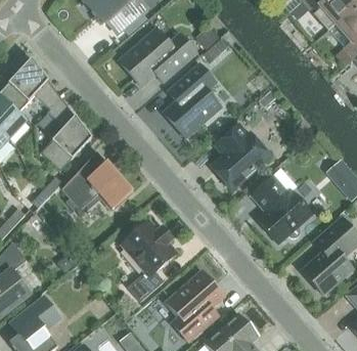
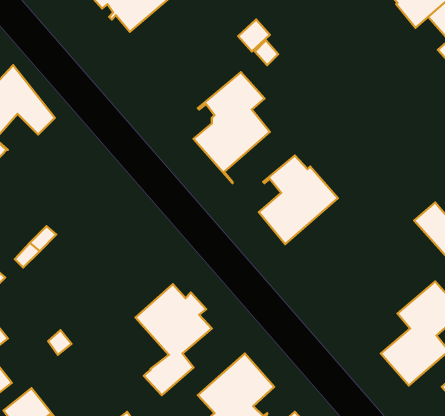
building: [119,29,196,86] -> none
building: [40,97,91,171] -> none
building: [61,151,132,210] -> none
building: [251,176,312,244] -> none

